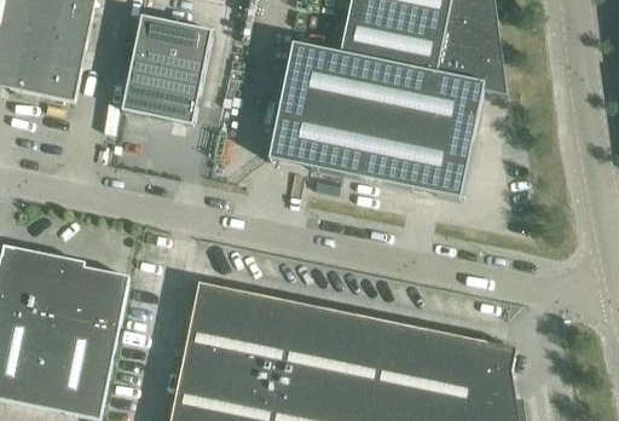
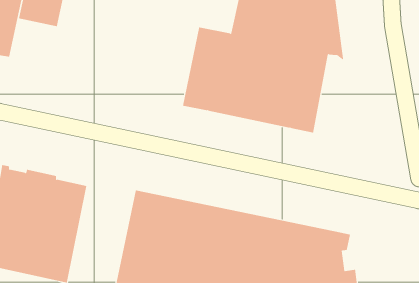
building: [121,15,212,125] -> none
building: [15,30,85,99] -> none

